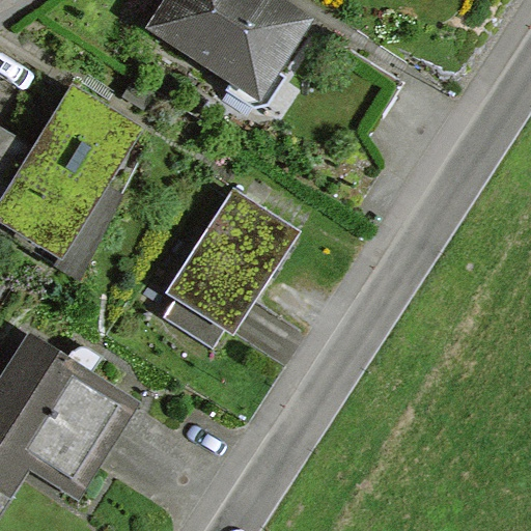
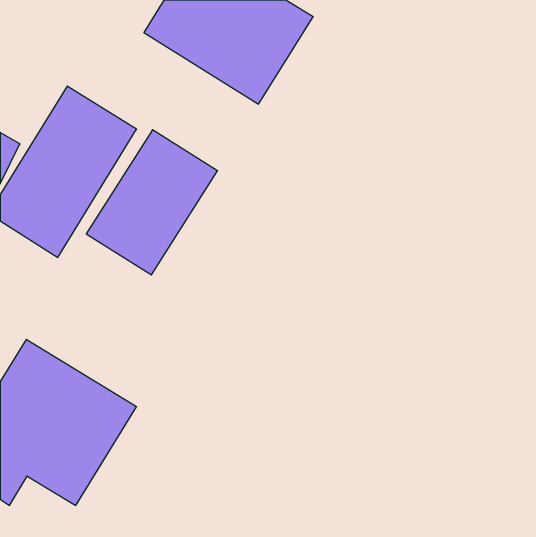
building: [167,190,297,333] -> [86,130,218,275]

